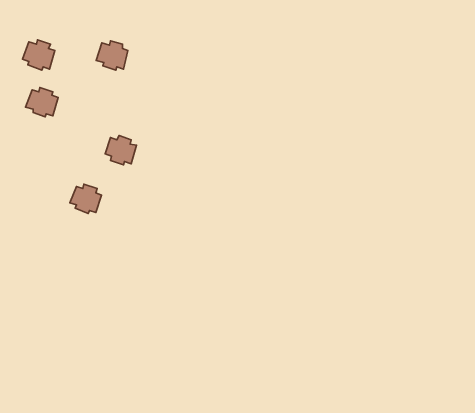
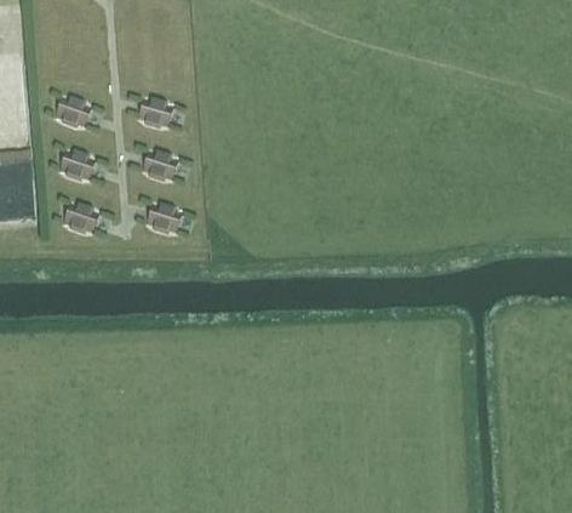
building: none -> [142,148,177,181]
building: [70,184,101,214] -> [63,201,98,234]

